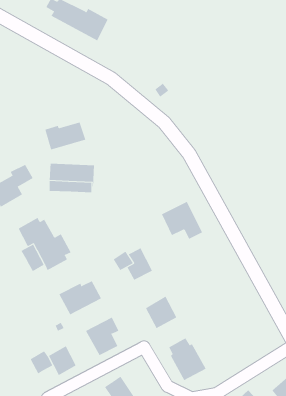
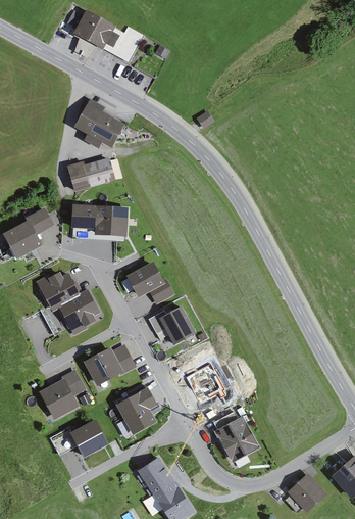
building: none -> [74,100,122,146]
building: [161,201,203,239] -> [124,258,173,303]
building: none -> [39,370,85,419]

